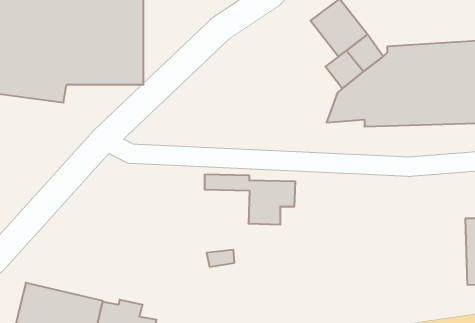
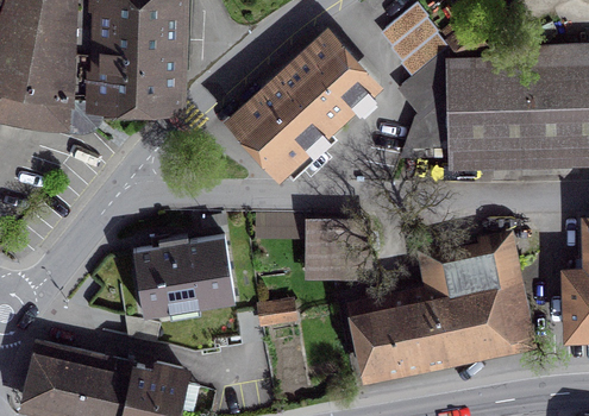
building: none -> [227,33,382,182]
building: none -> [132,238,234,317]
building: none -> [358,240,527,371]

